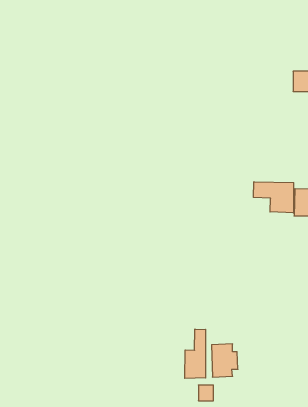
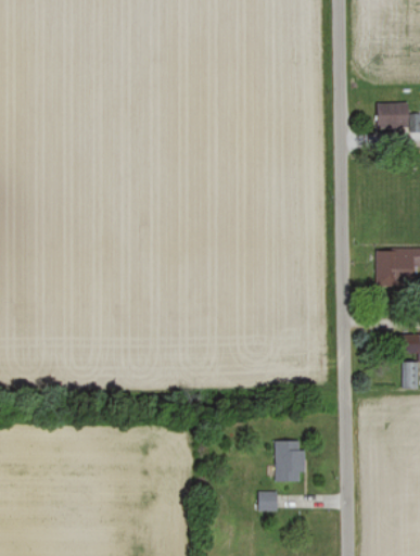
building: [253,182,294,213] -> none
building: [185,329,206,378] -> none

